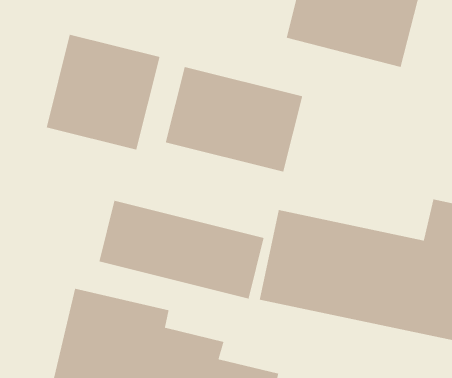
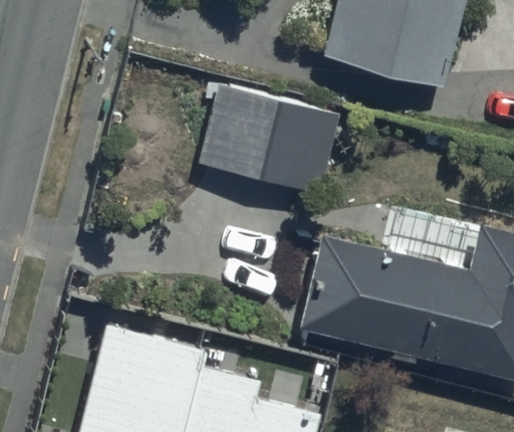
building: [46,34,160,151] -> none
building: [98,200,265,299] -> none

